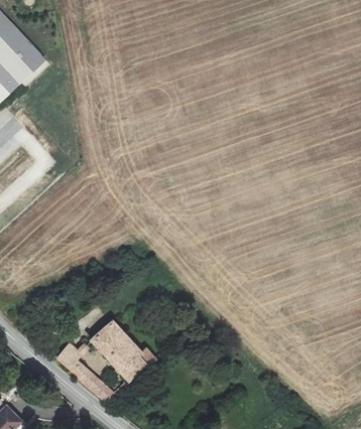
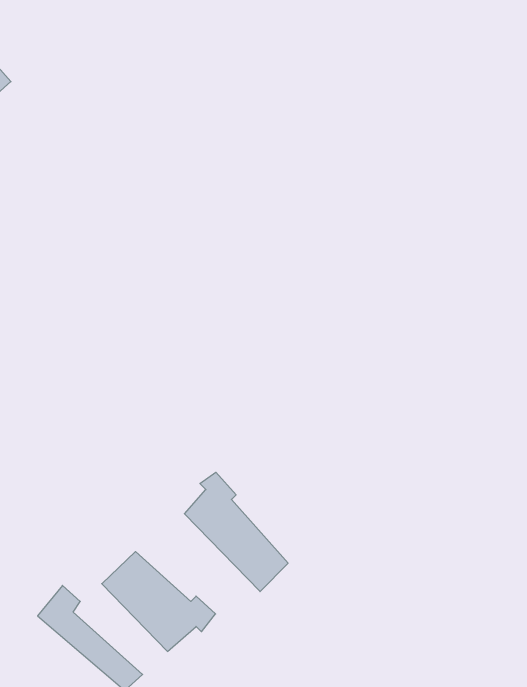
building: none -> [184,472,288,592]

